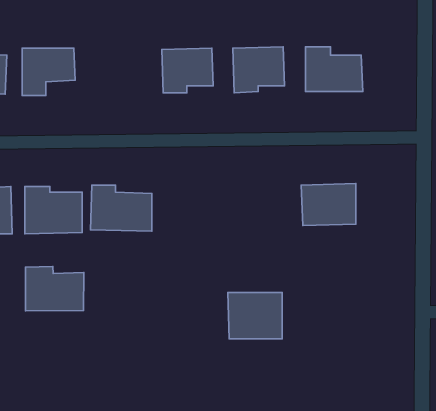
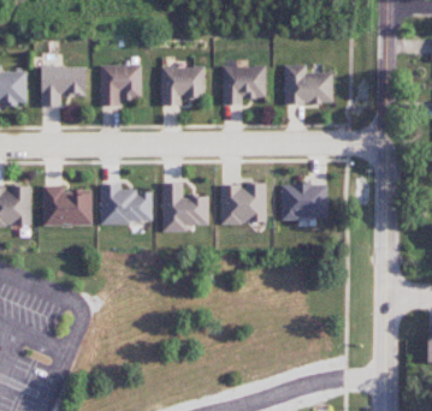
building: none -> [100,65,141,106]
building: none -> [161,181,208,232]
building: [26,266,84,311] -> none
building: [228,293,282,339] -> [219,184,266,224]

